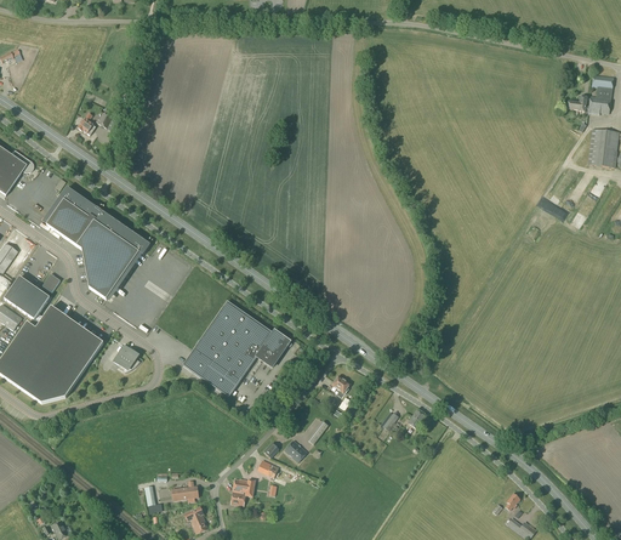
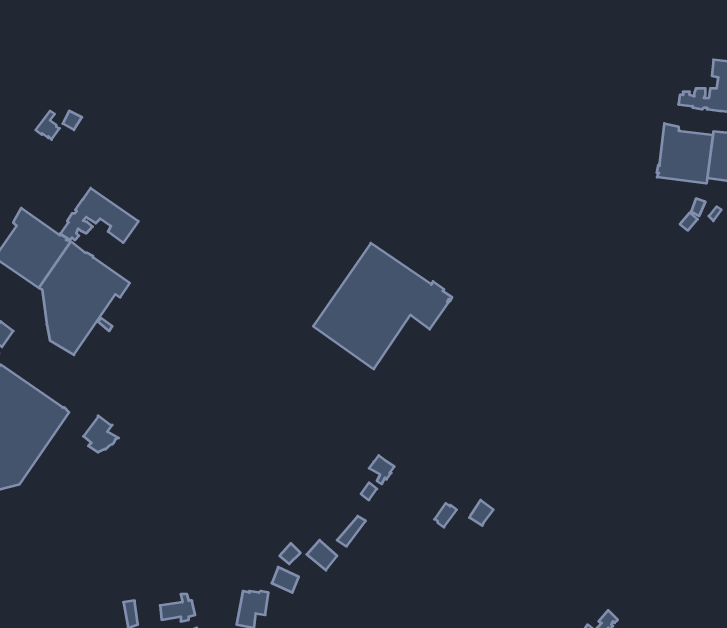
building: none -> [657,123,713,183]
building: none -> [60,188,138,243]
building: [183,300,289,396] -> [313,243,452,369]

